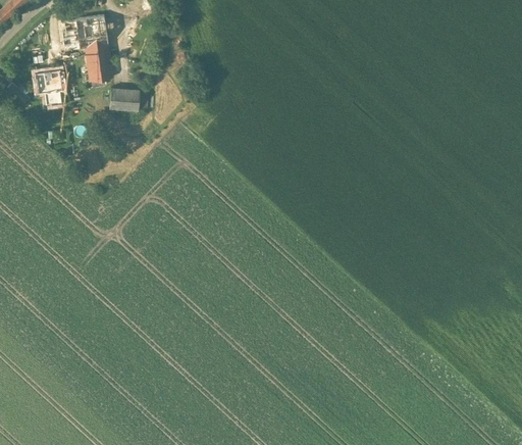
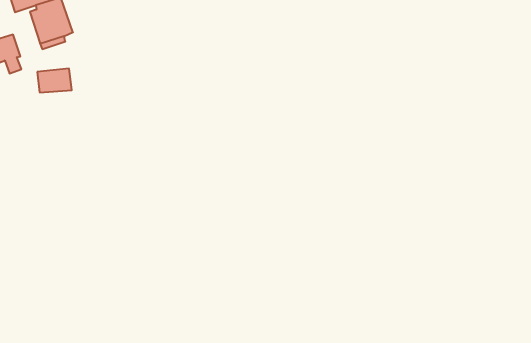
building: [110,88,140,109] -> [37,69,72,92]

